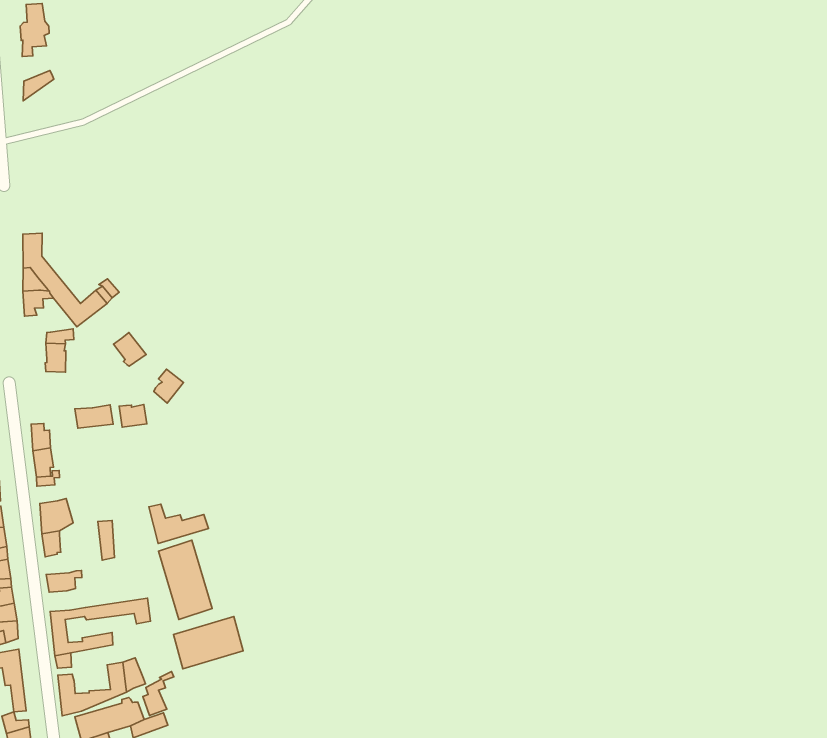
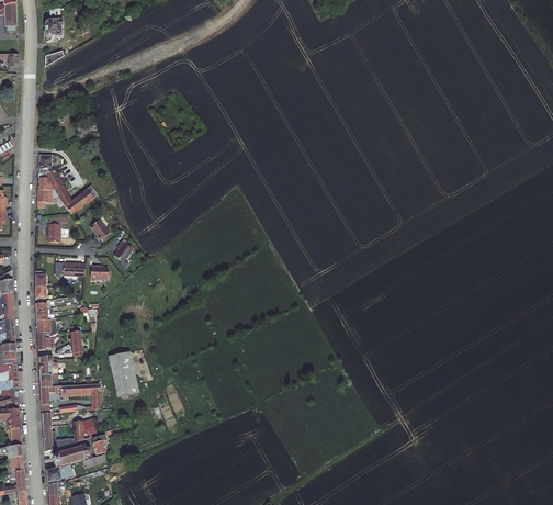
building: [149,504,208,543] -> none
building: [173,616,243,669] -> none

